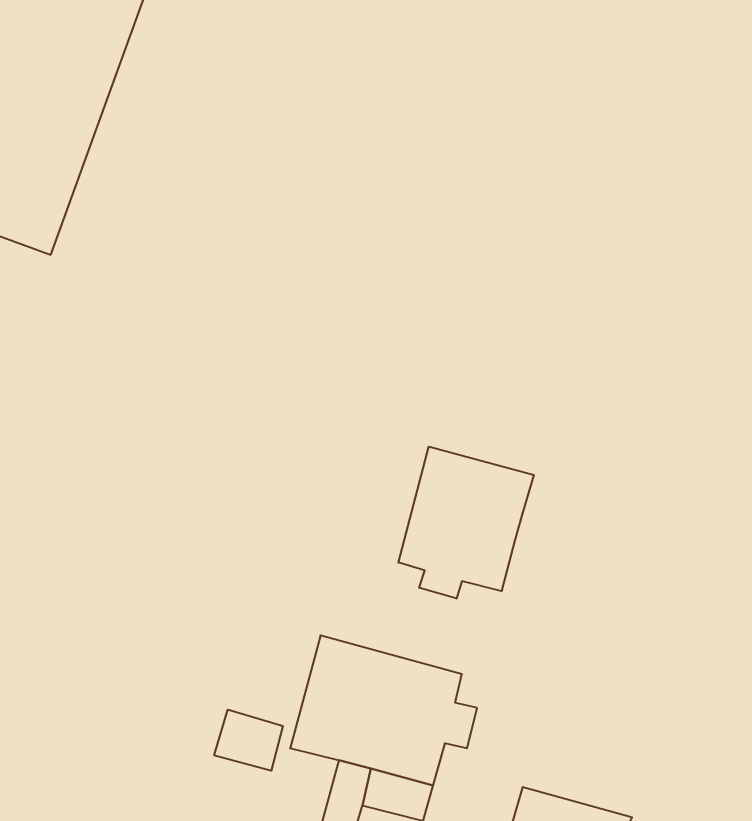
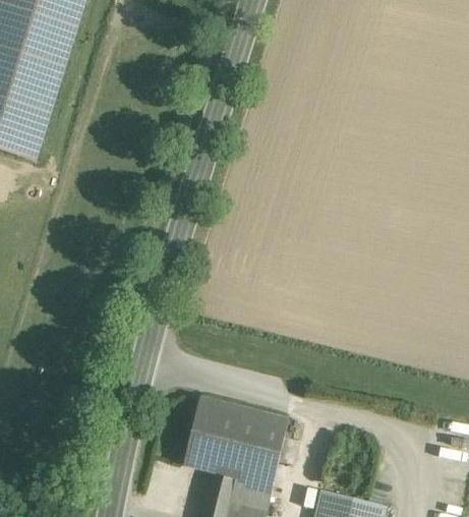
building: [398,447,534,599] -> none
building: [214,710,283,771] -> none

